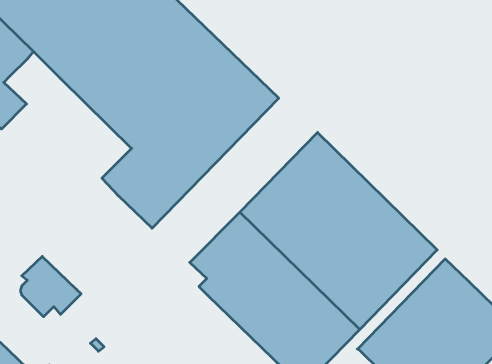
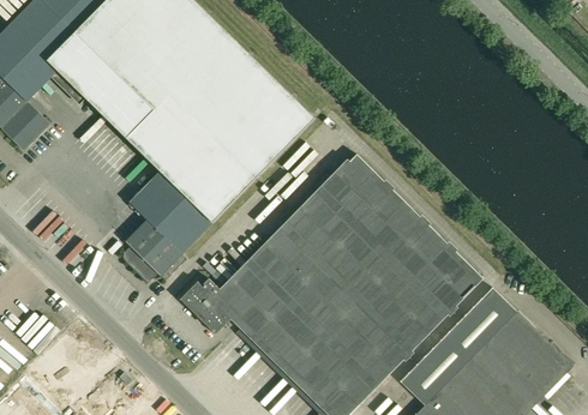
building: none -> [179,278,239,332]
building: [21,256,81,317] -> [122,219,186,283]

